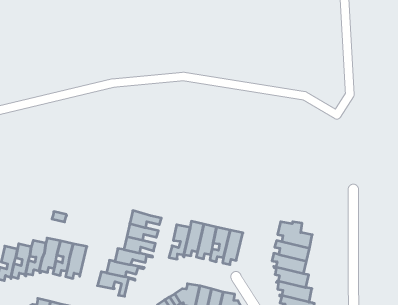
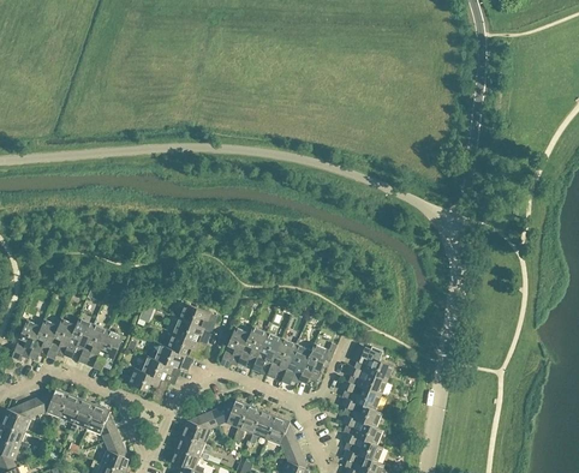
building: none -> [297,345,329,385]

